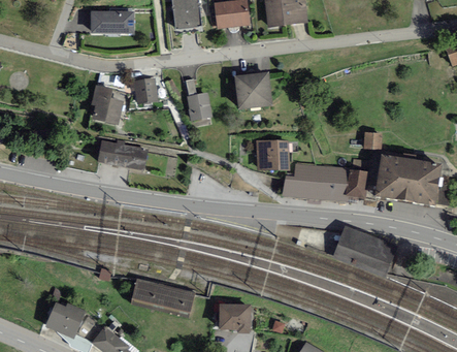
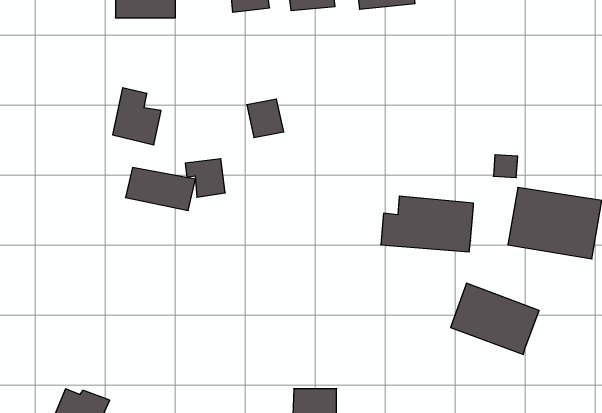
building: [234,72,272,110] -> none
building: [129,75,158,103] -> [185,159,225,197]
building: [257,140,289,169] -> none
building: [348,169,368,196] -> none
building: [133,283,193,314] -> none

